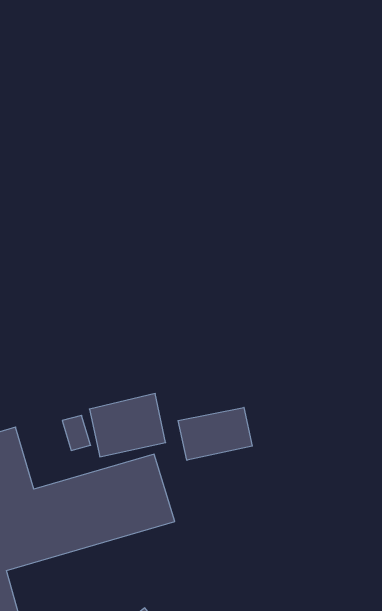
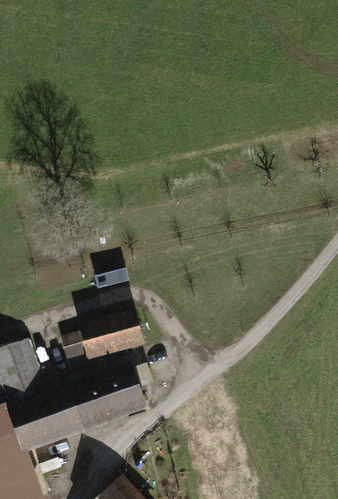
building: [178,407,252,460] -> none

